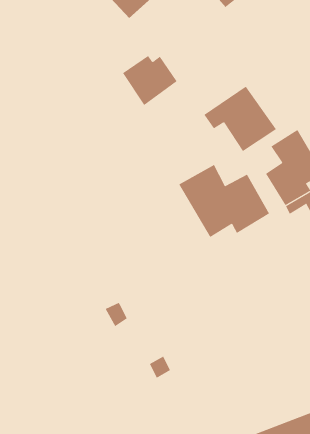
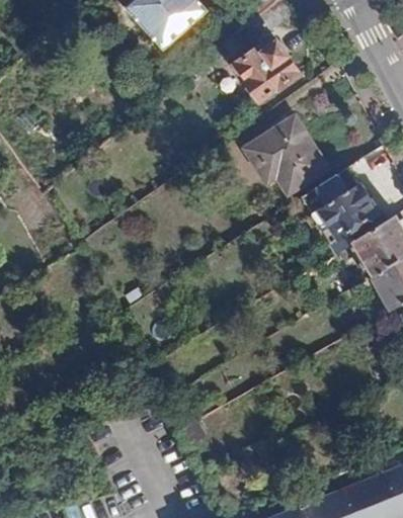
building: [122,55,177,106] -> [232,44,294,100]
building: [179,164,270,238] -> none

